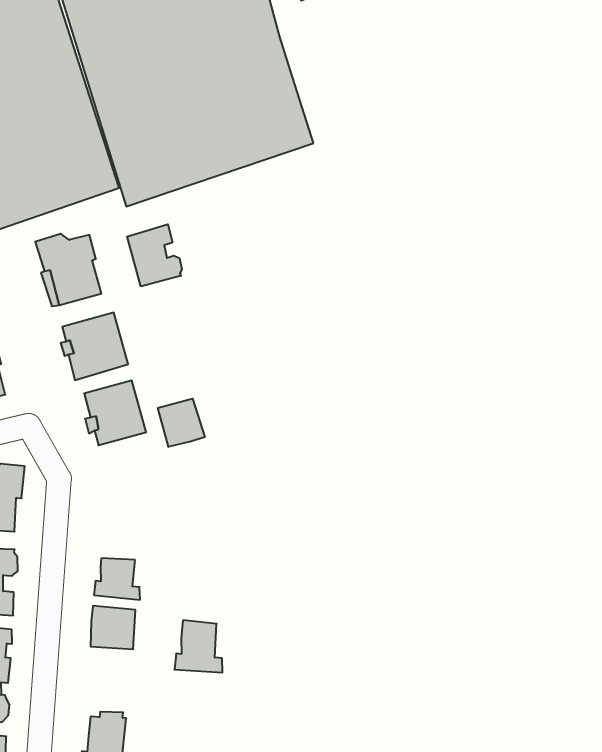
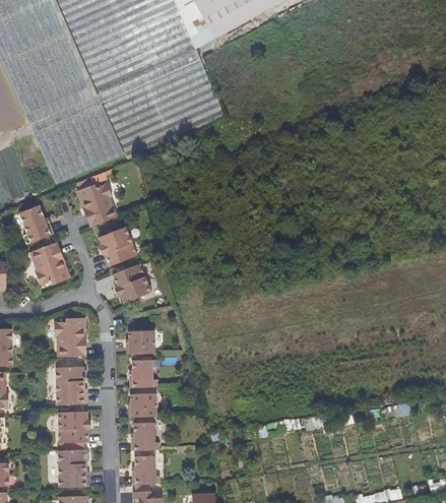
building: [127,224,182,286] -> none
building: [158,399,205,447] -> none
building: none -> [129,328,155,353]
building: [174,620,222,673] -> [130,422,157,450]

